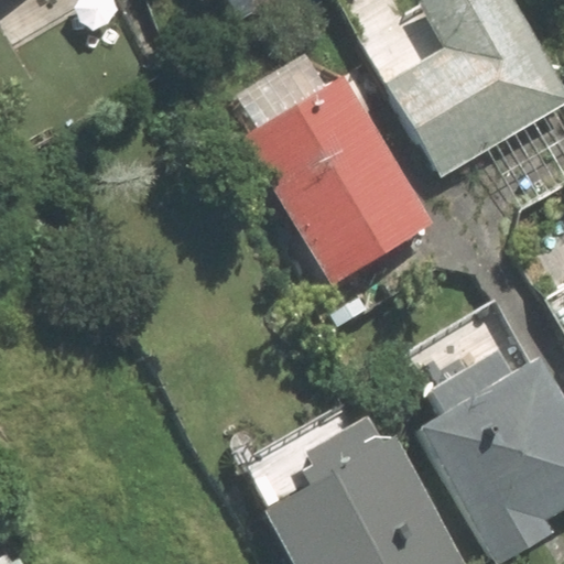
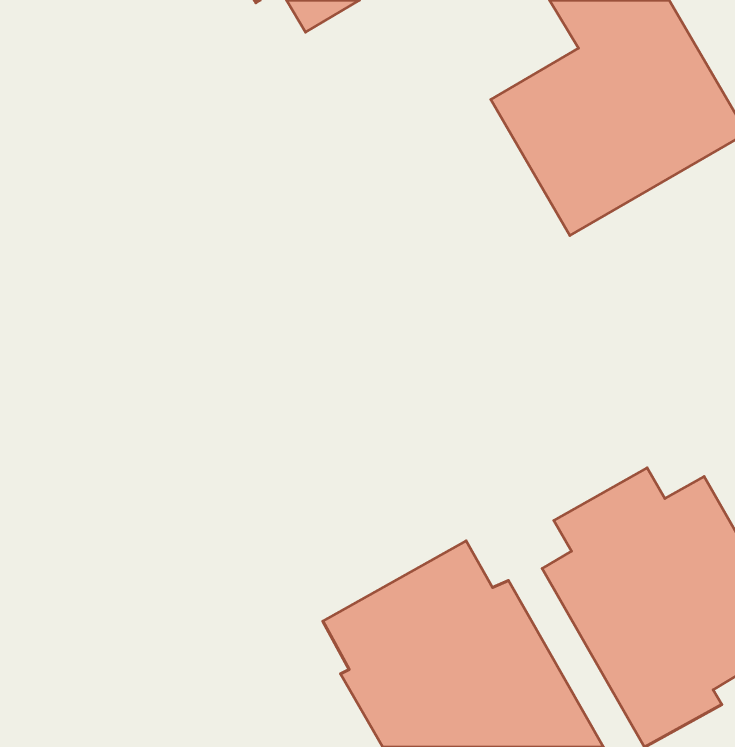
building: [246,77,433,284] -> none

